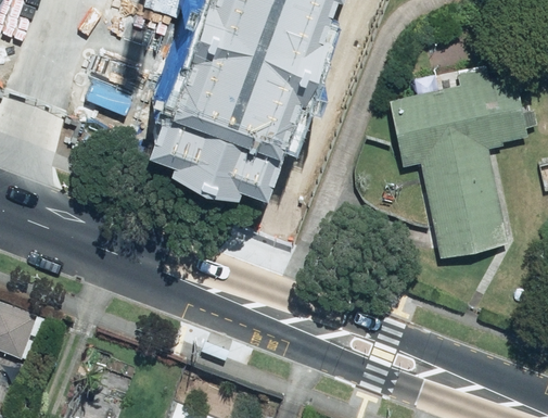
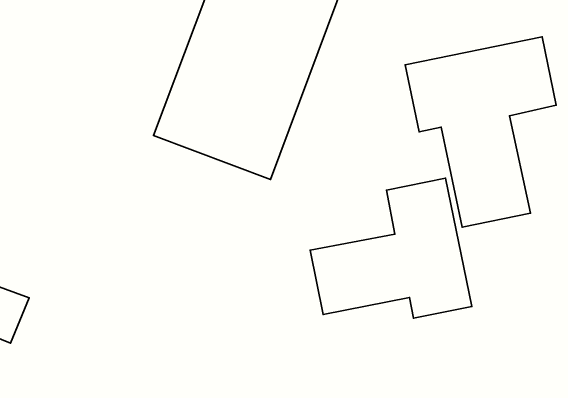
building: none -> [310,178,472,318]

